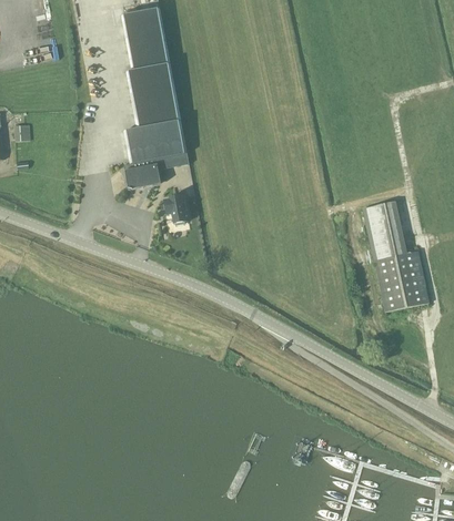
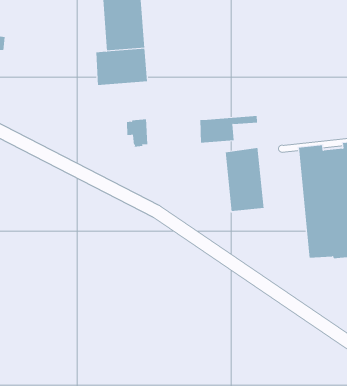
building: [124,153,185,188] -> [199,115,258,143]
building: none -> [225,147,264,212]

